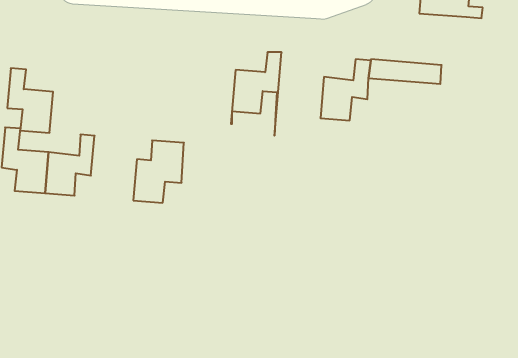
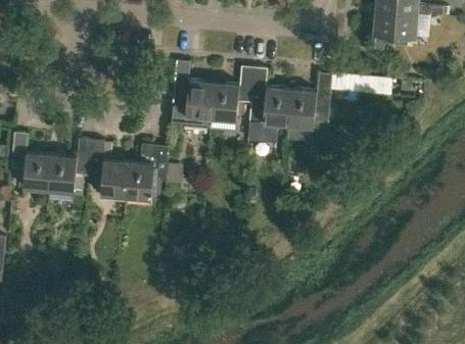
building: none -> [174,62,214,131]
building: none -> [247,68,290,143]
building: [7,68,53,133] -> [88,141,128,197]

